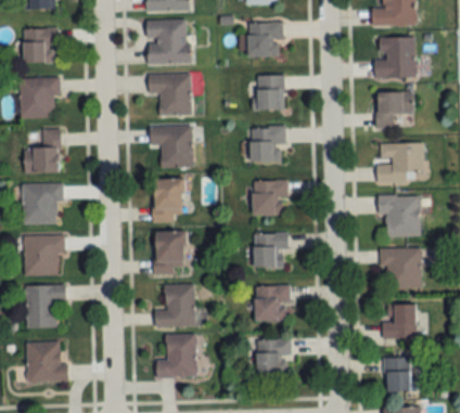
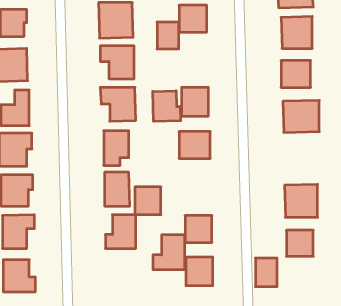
building: [256,76,283,109] -> [157,22,179,49]
building: none -> [153,91,181,121]
building: [378,195,420,236] -> none
building: [254,233,286,268] -> [135,187,161,215]
building: [155,334,195,377] -> [153,235,185,270]
building: [384,357,411,392] -> [255,258,277,287]

